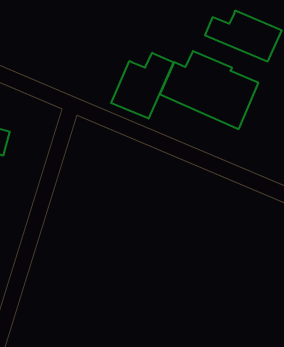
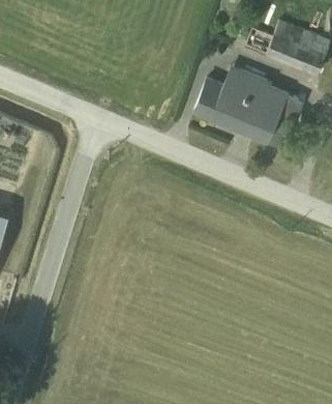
building: [111,53,173,119] -> none

